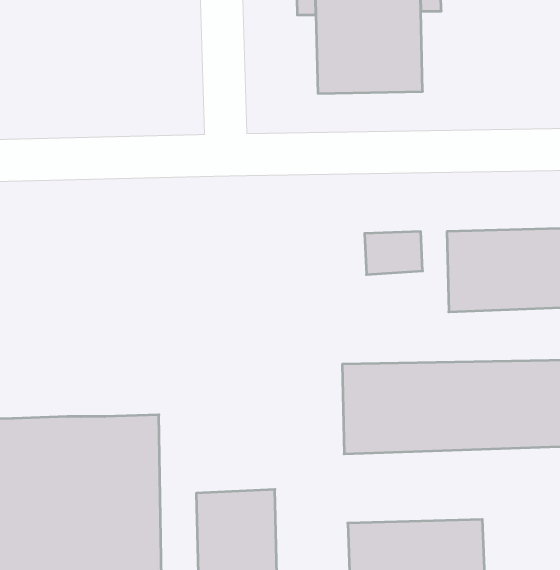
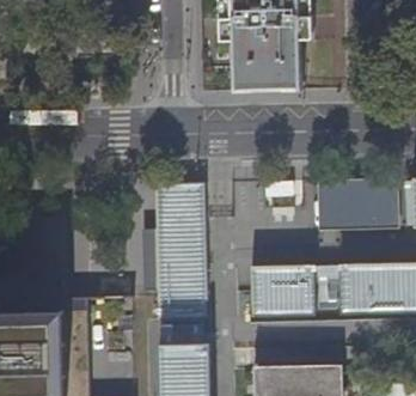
building: none -> [155,183,209,318]

